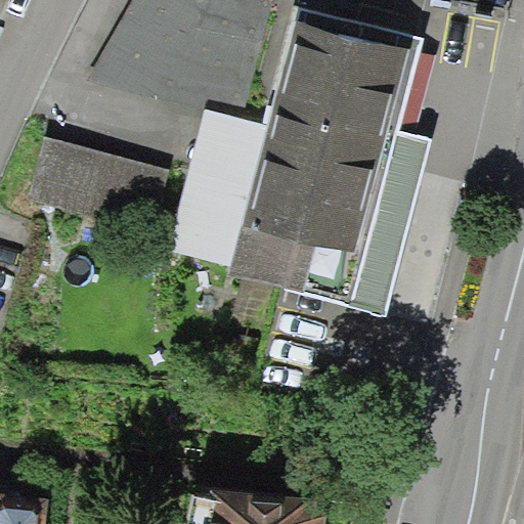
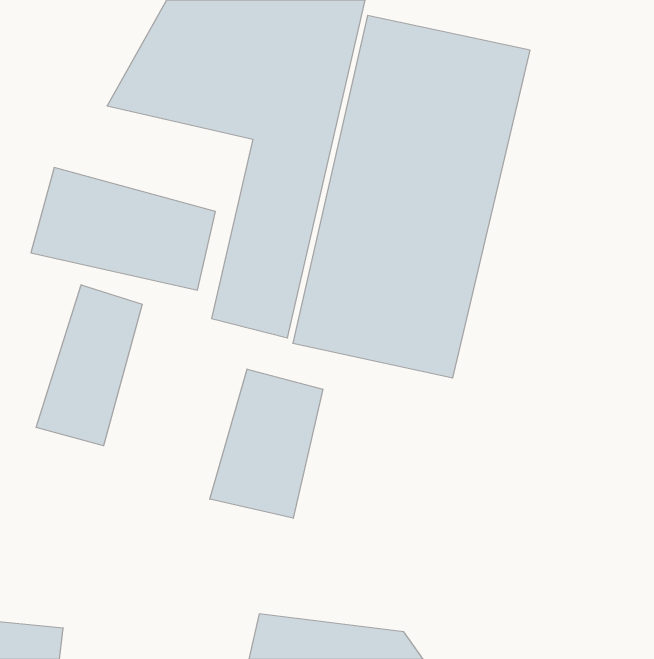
building: none -> [36,285,142,446]
building: none -> [210,369,323,518]

